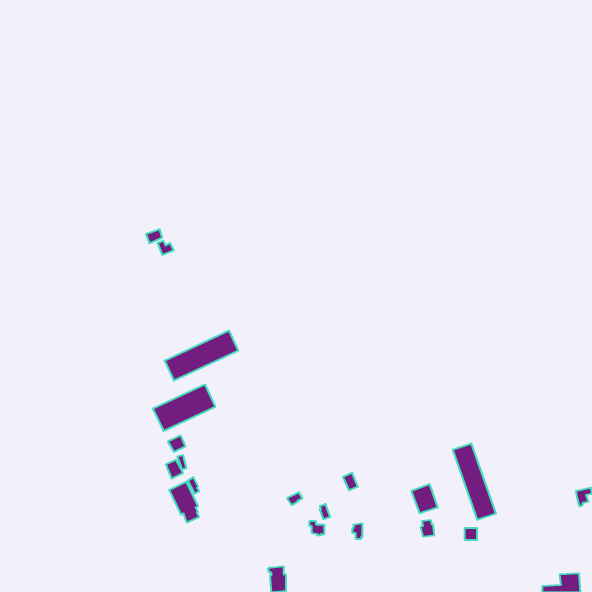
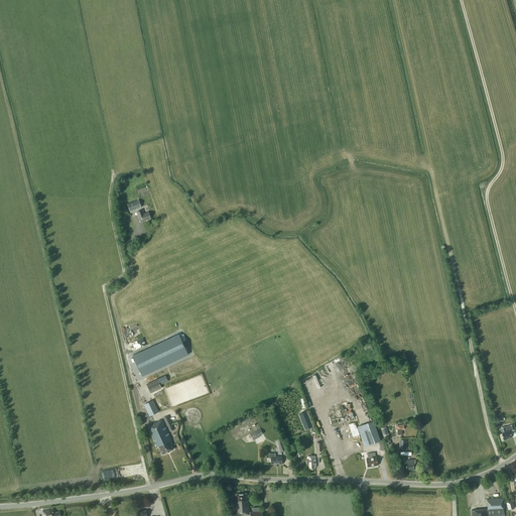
building: [165,331,238,381] -> none
building: [453,443,496,520] -> none

